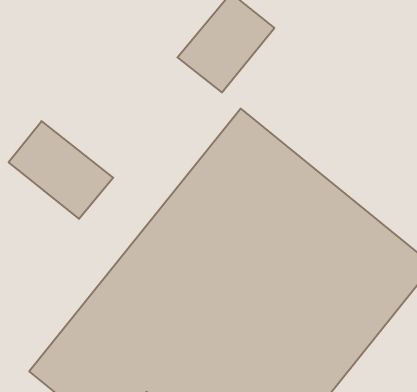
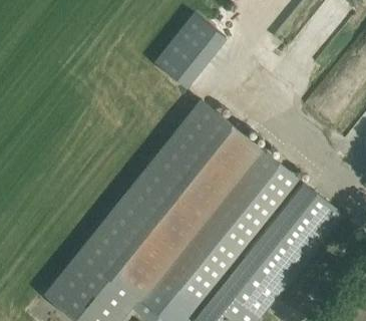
building: [9,121,113,219] -> none

